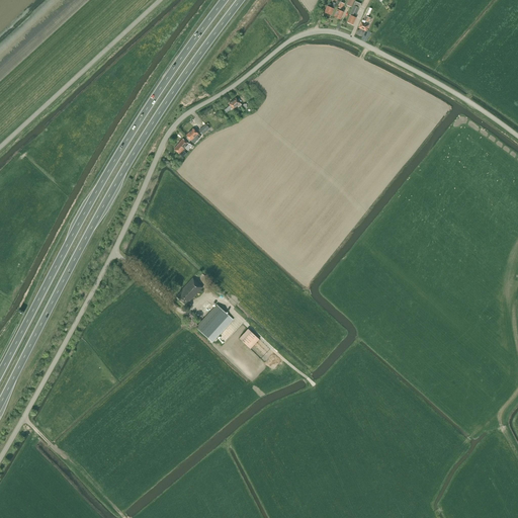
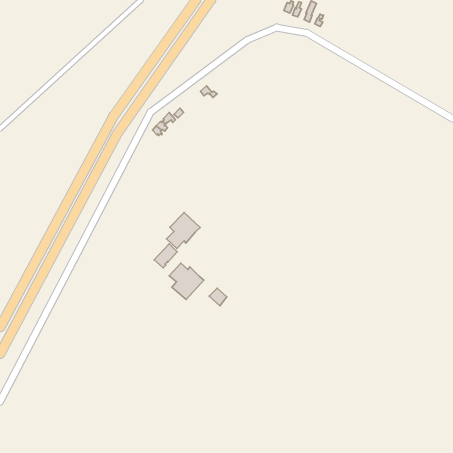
building: none -> [167,212,200,248]

